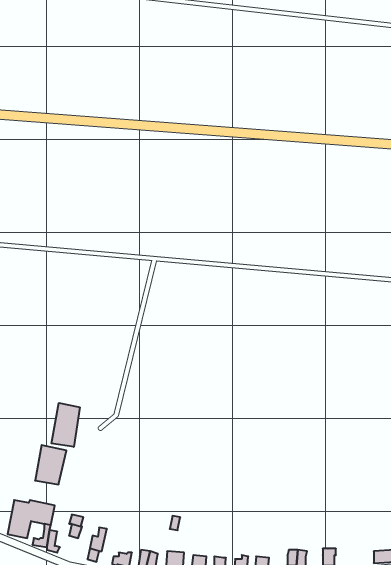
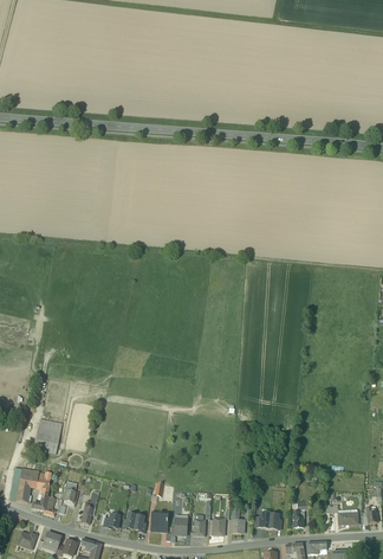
building: [51,403,80,447] -> none

